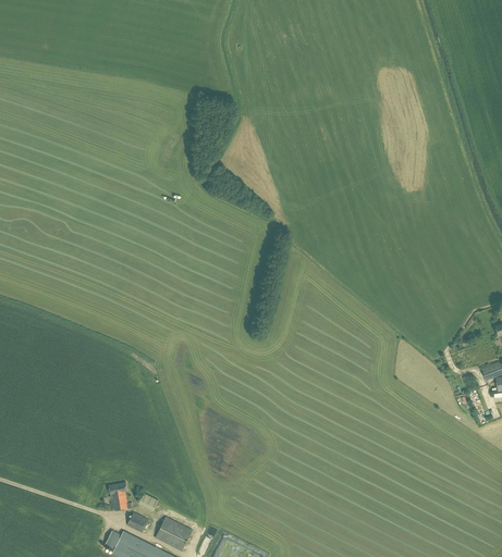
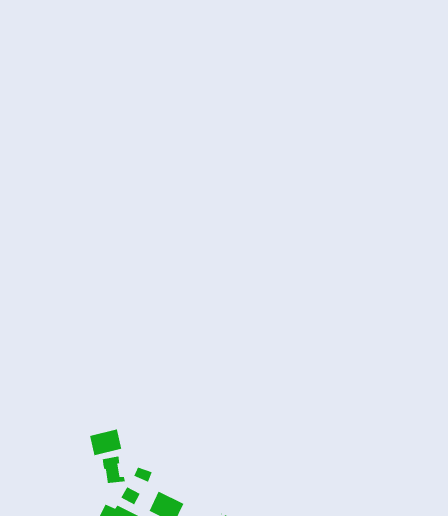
building: none -> [89,428,122,456]

